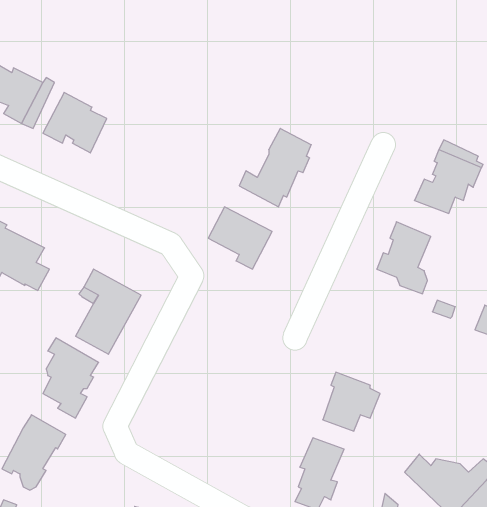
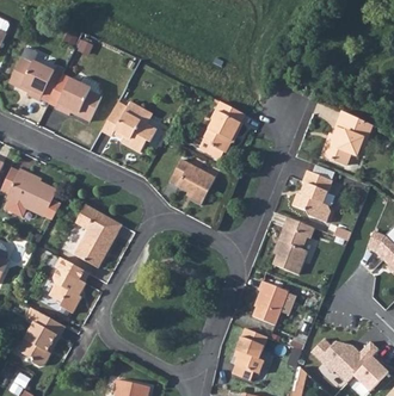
building: none -> [101,100,158,150]
building: none -> [273,216,314,273]

